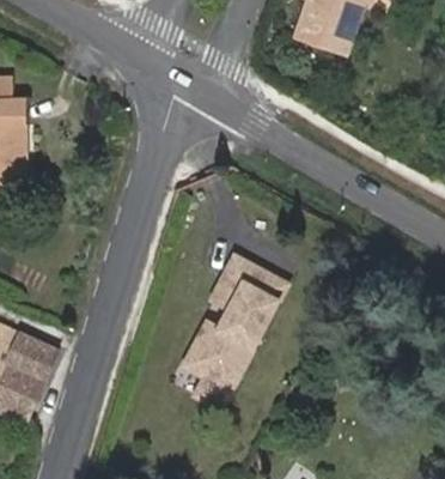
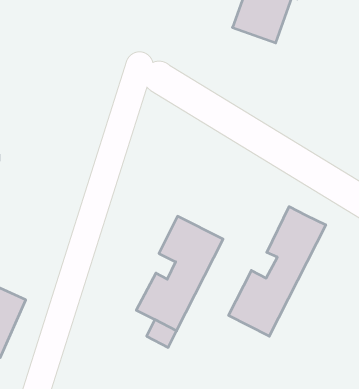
building: none -> [229,207,326,336]

